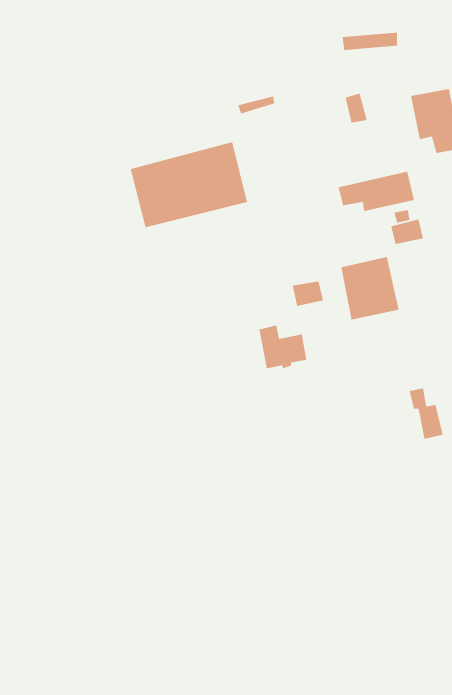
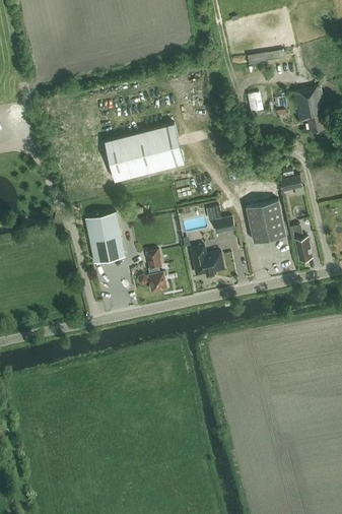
building: [338,171,415,212] -> none
building: none -> [85,212,126,264]
building: none -> [138,251,167,293]
building: [409,388,444,439] -> [289,227,313,261]

